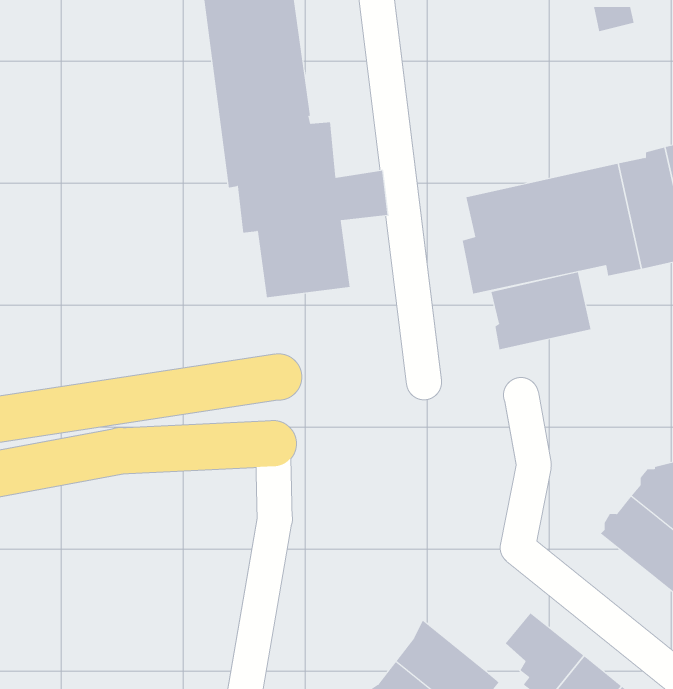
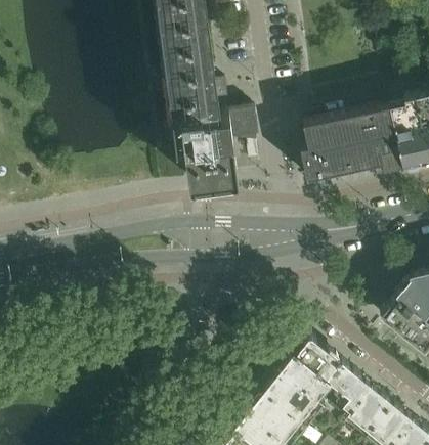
building: [491,271,591,350] -> none
building: none -> [280,340,341,397]

